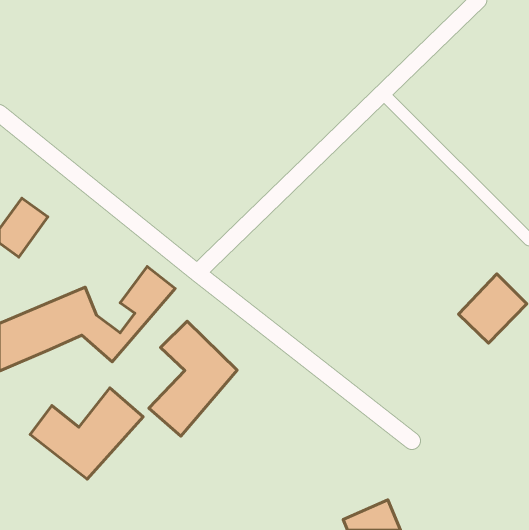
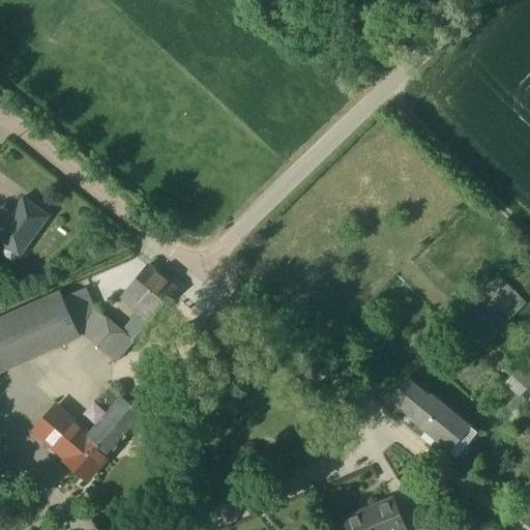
building: [149,321,237,436] -> none
building: none -> [388,373,478,454]

